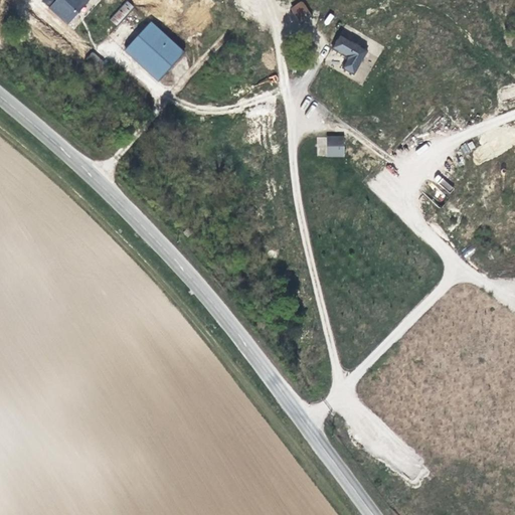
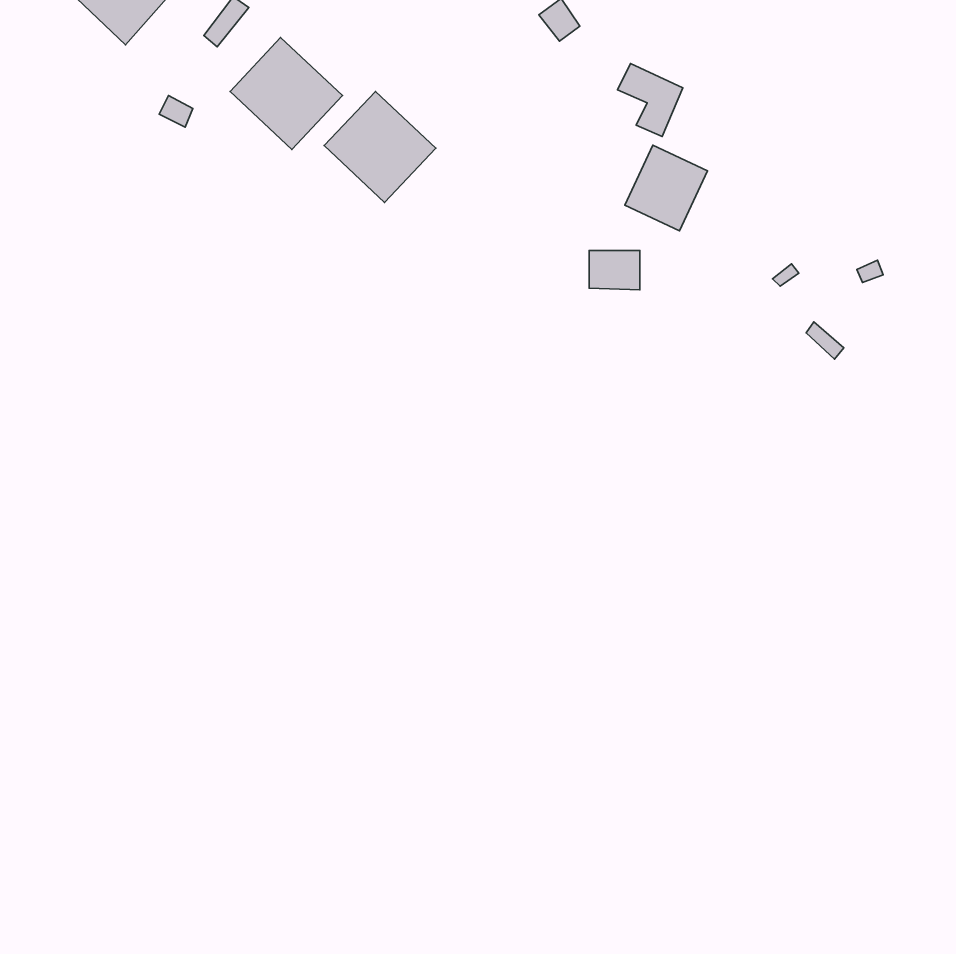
building: none -> [324,91,436,202]
building: none -> [625,145,708,231]

